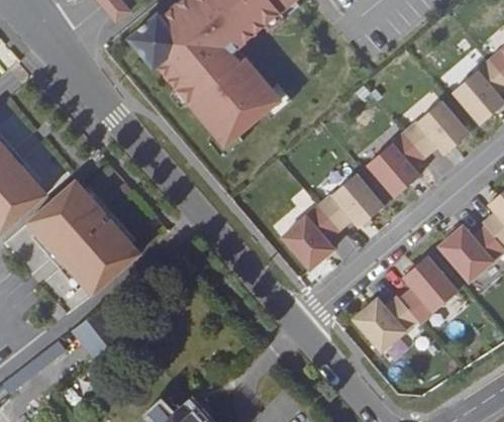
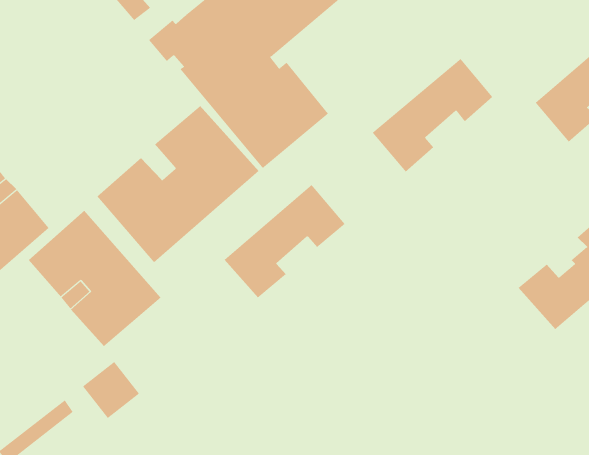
building: none -> [96,105,259,263]
building: [367,101,469,197] -> [372,58,493,173]
building: [282,174,384,270] -> [224,184,346,298]
building: [354,256,458,351] -> none

